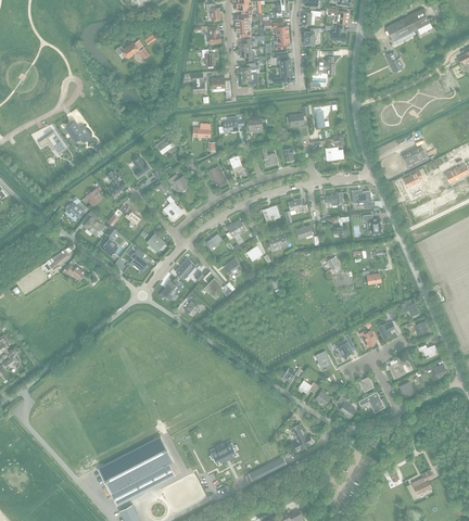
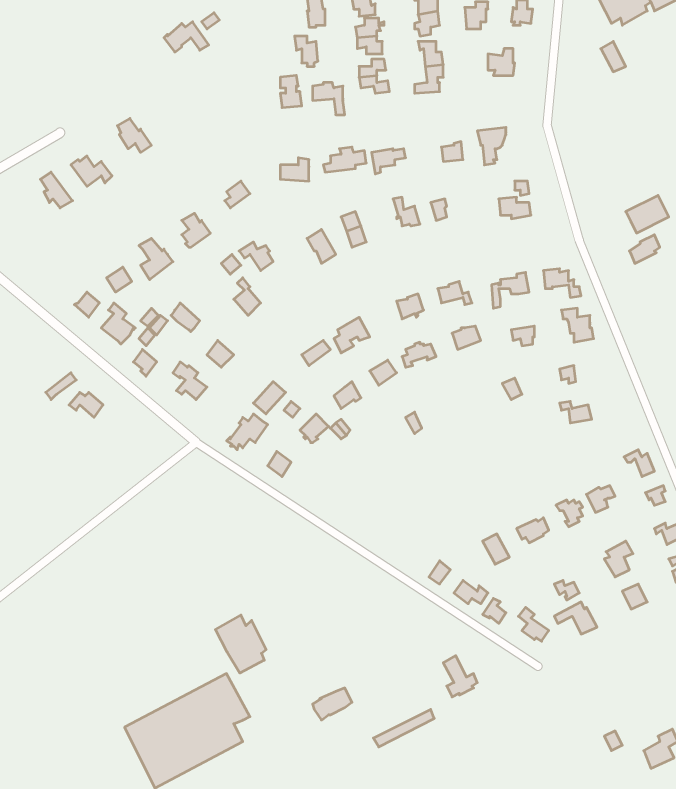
building: none -> [215,615,266,673]

